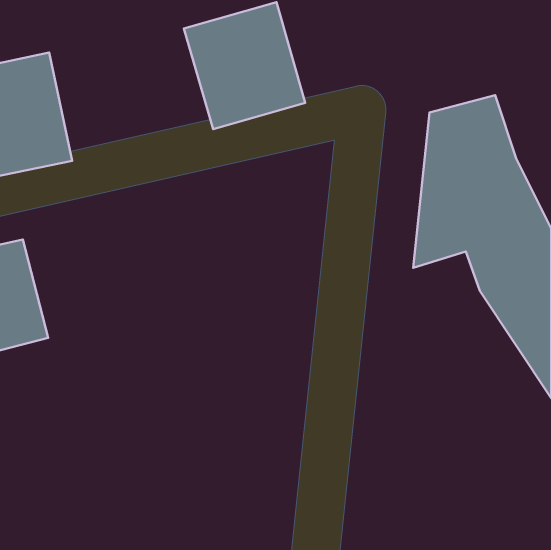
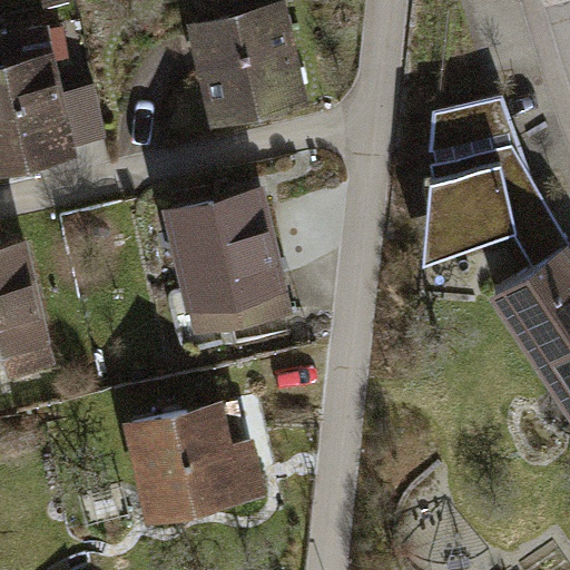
building: none -> [165,187,294,340]
building: none -> [125,399,259,527]

